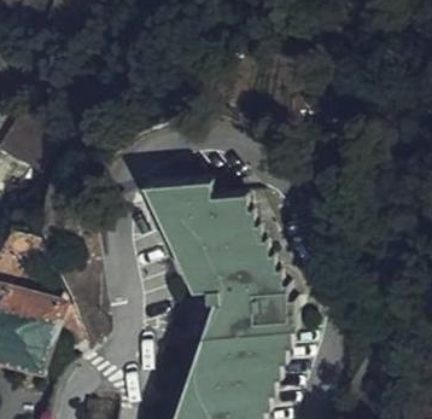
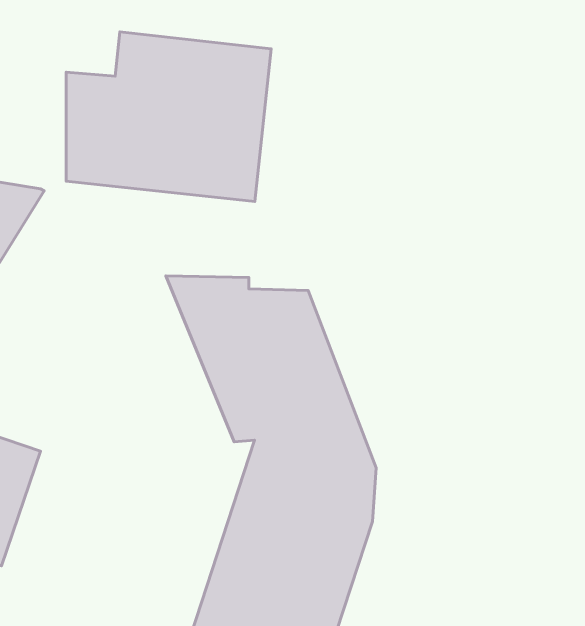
building: none -> [66,32,271,201]

